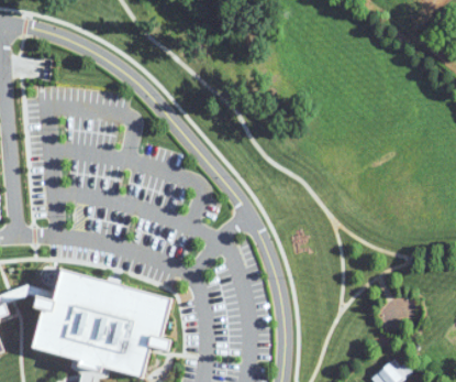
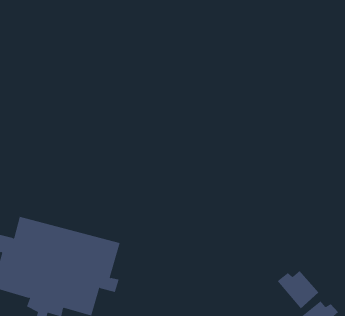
building: none -> [277,270,319,309]

